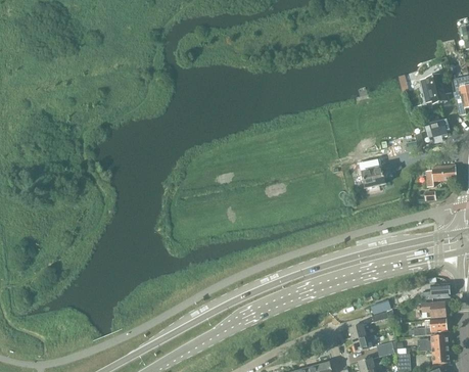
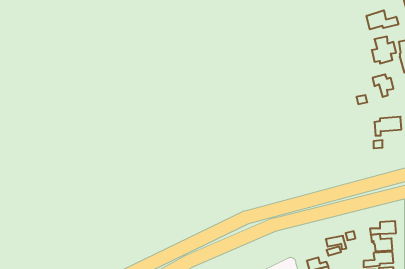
building: none -> [367,10,398,29]
building: [361,162,386,188] -> none

